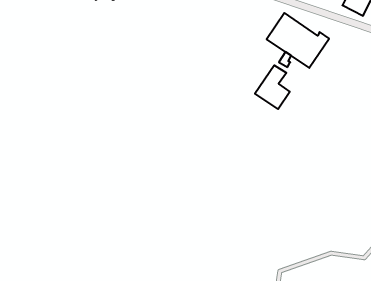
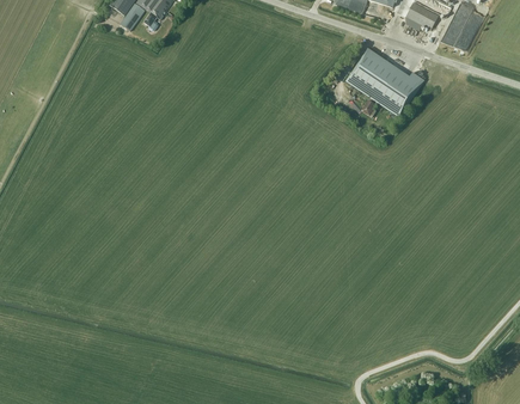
building: [255,65,290,109] -> none

